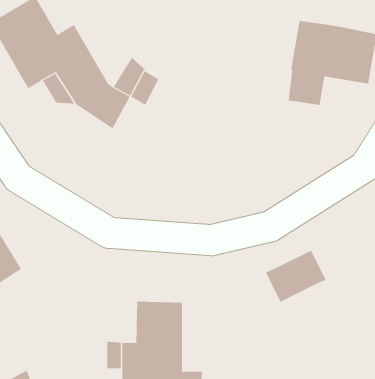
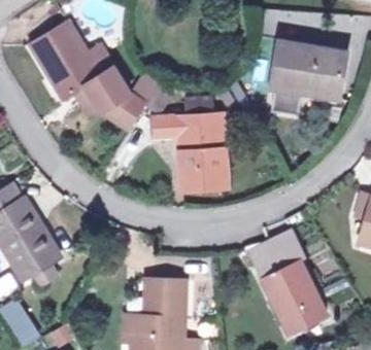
building: none -> [159,108,230,192]
building: none -> [267,261,329,332]

